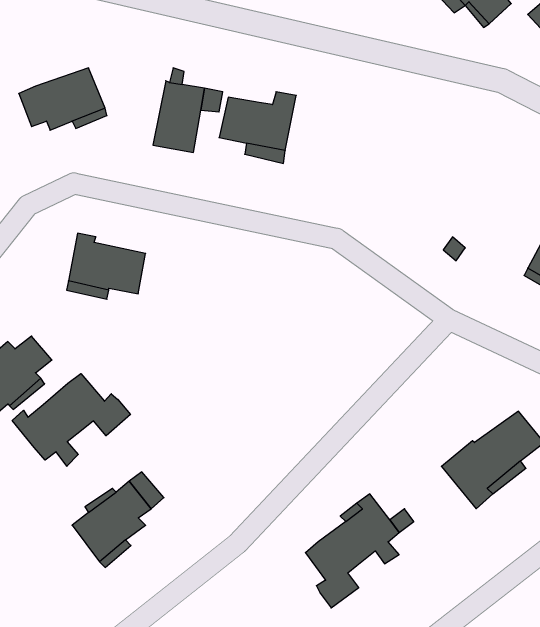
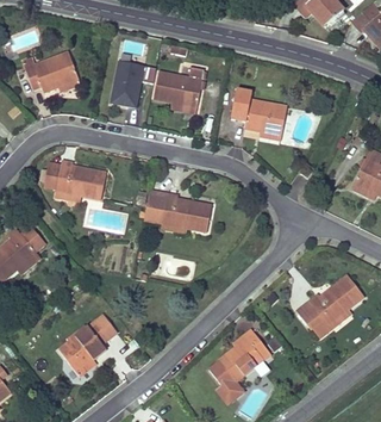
building: none -> [231,89,287,136]
building: none -> [143,193,211,232]
building: [12,374,130,466] -> none

